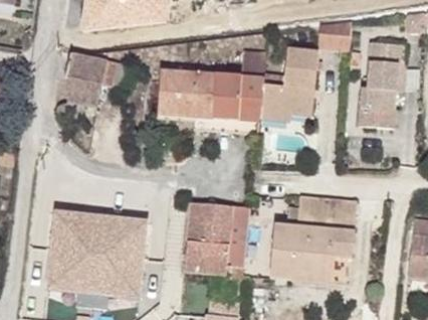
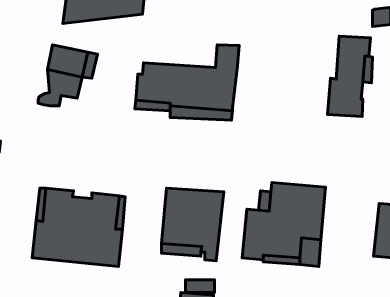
building: [317,22,352,50] -> none
building: [259,48,318,120] -> none

